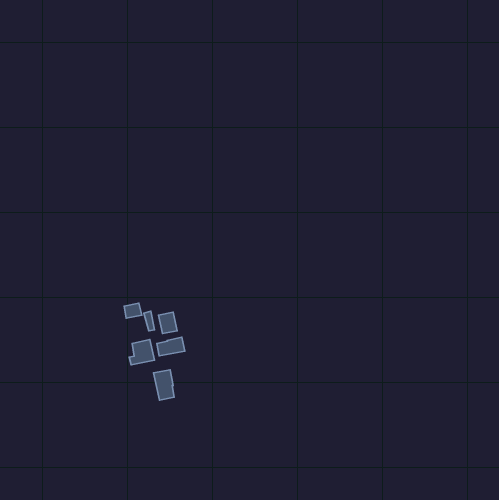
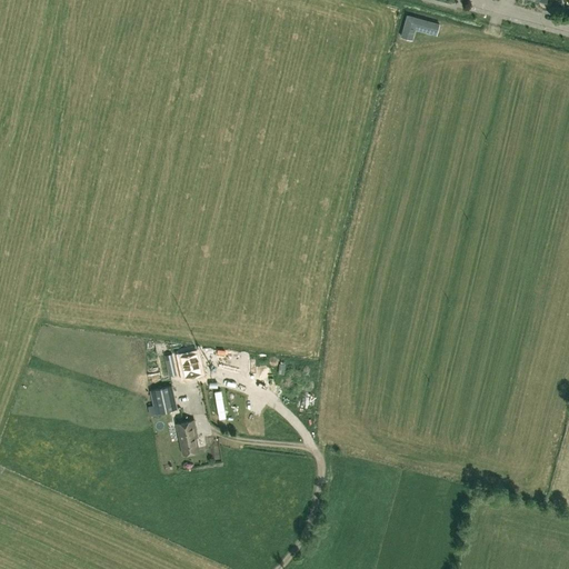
building: none -> [400,14,438,39]
building: [157,337,185,356] -> none

